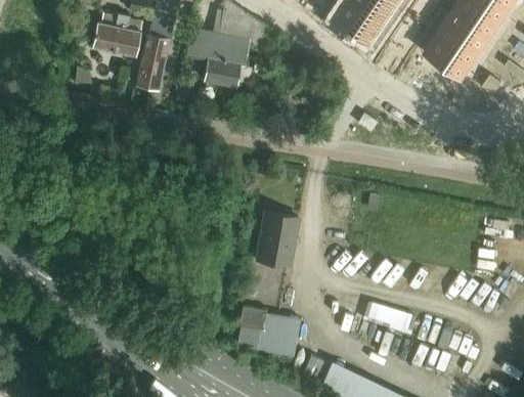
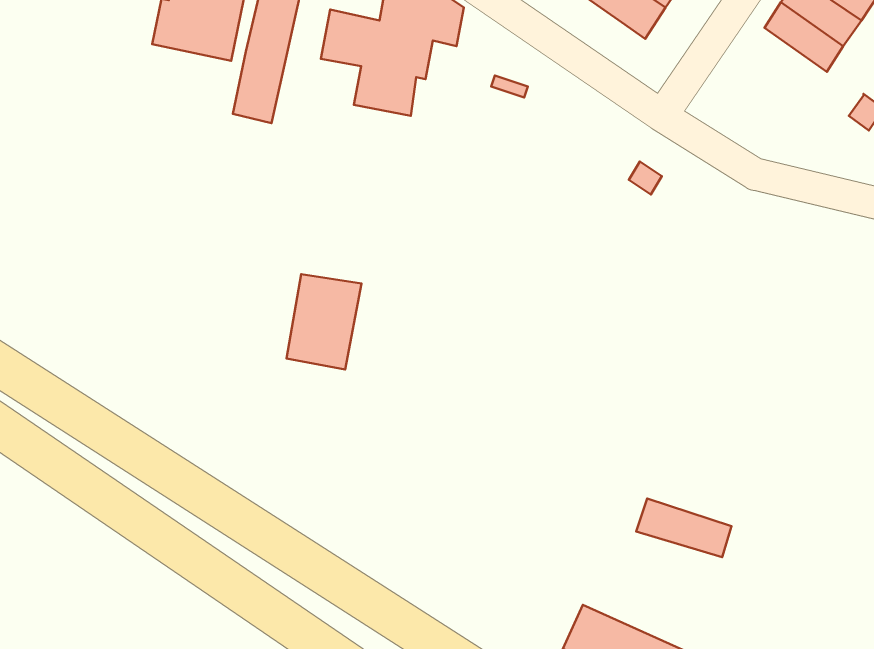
building: [424,40,469,79] -> none
building: [257,215,299,268] -> [286,274,362,370]
building: [237,308,300,358] -> none

